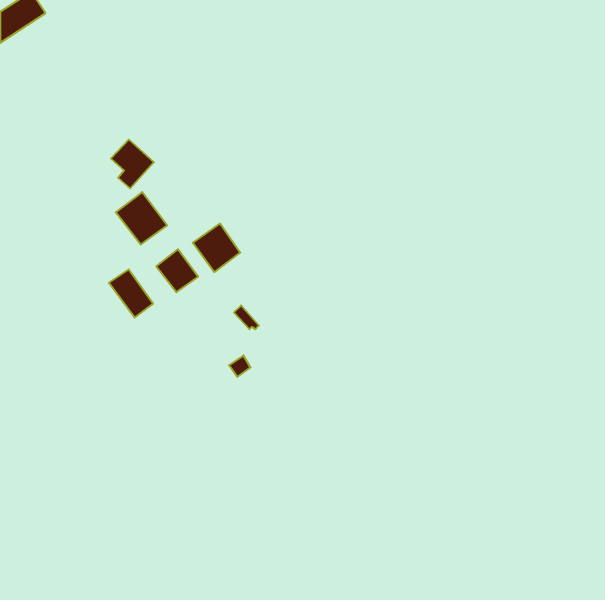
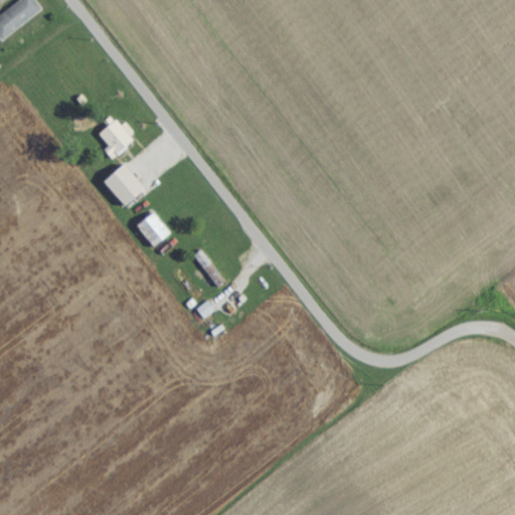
building: [193,224,240,272] -> none
building: [109,269,153,318] -> none

